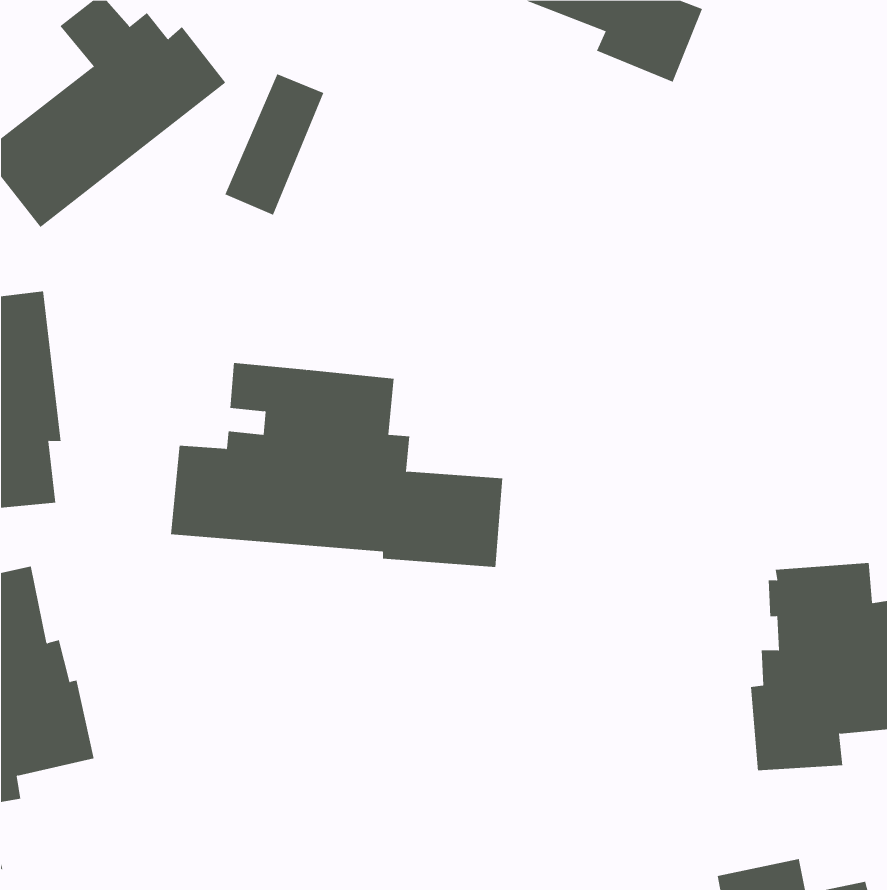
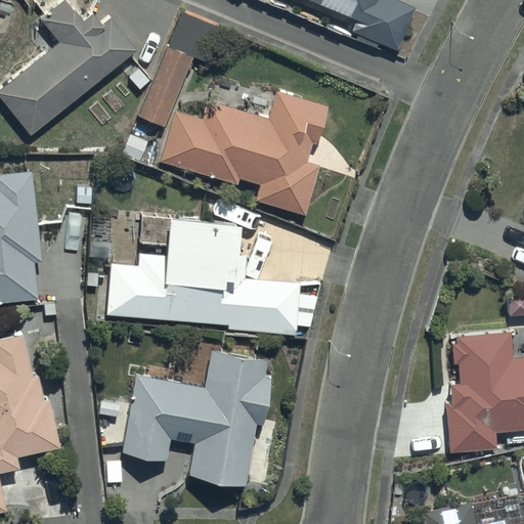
building: none -> [160,92,328,215]
building: none -> [119,351,271,486]

